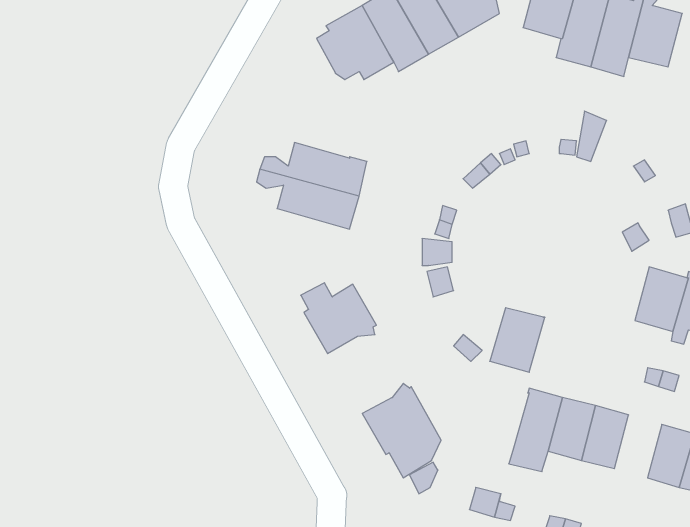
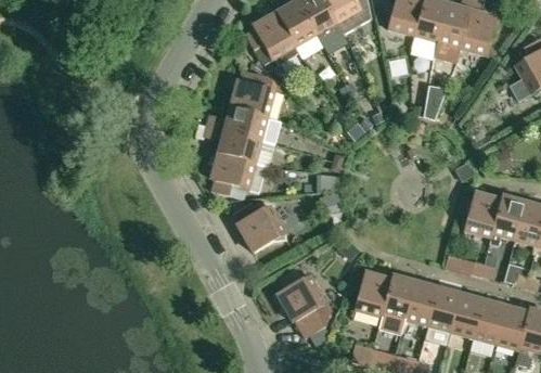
building: none -> [230,69,276,116]
building: none -> [210,151,268,194]
building: [490,308,545,372] -> [353,271,391,316]
building: none -> [450,293,482,336]

